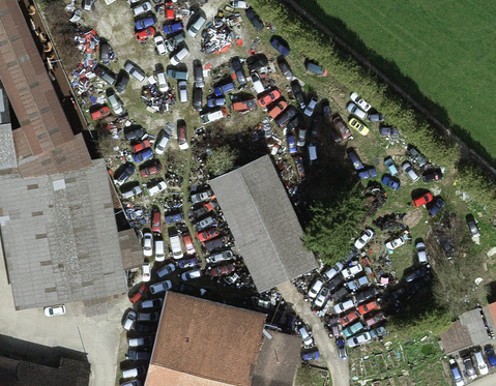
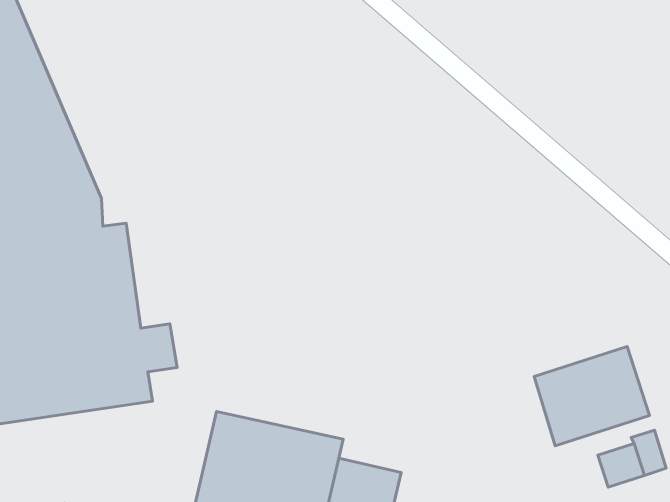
building: [209,157,313,288] -> none
building: none -> [534,346,649,446]

